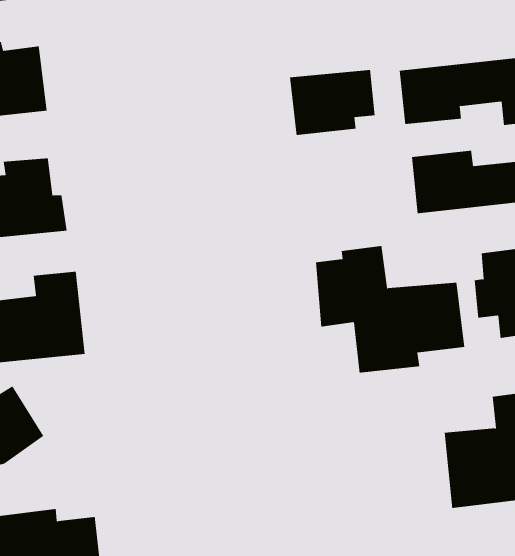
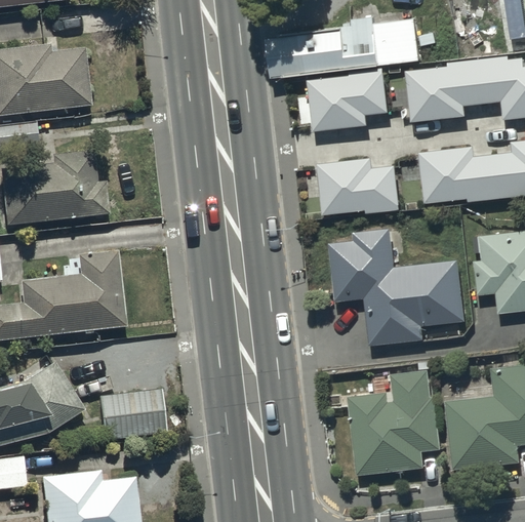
building: none -> [267,14,418,72]
building: none -> [317,158,400,213]
building: none -> [348,371,444,478]
building: none -> [98,387,165,437]

